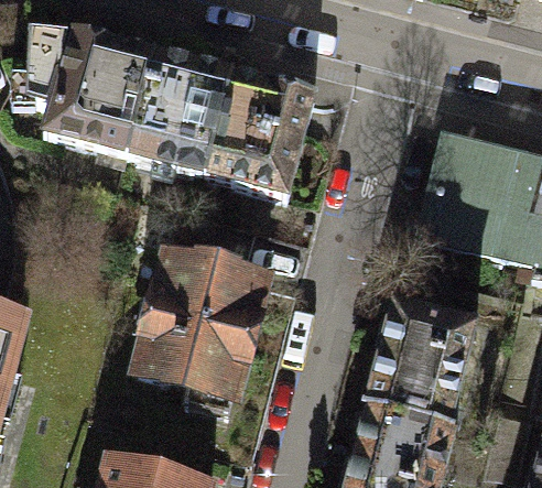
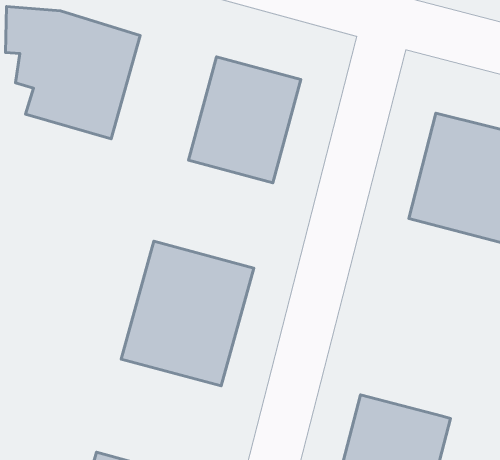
building: [127,55,230,177] -> none
building: [371,308,478,429] -> none

